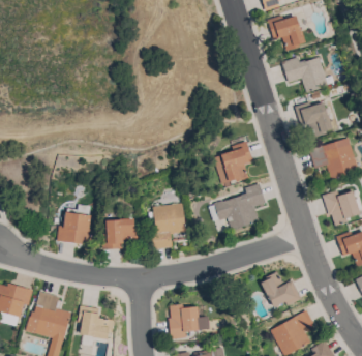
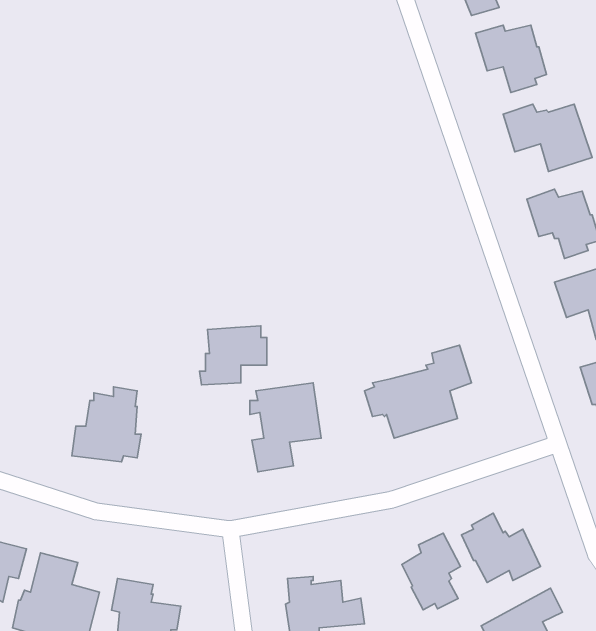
building: [214,140,253,183] -> none
building: [102,218,138,249] -> [199,326,267,385]
building: none -> [402,533,460,610]

